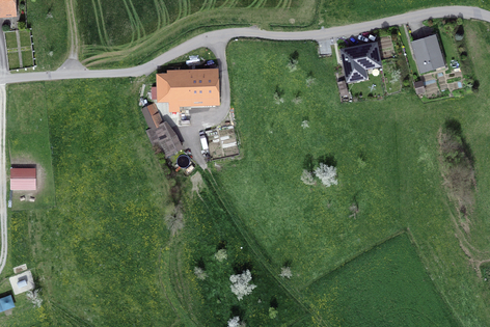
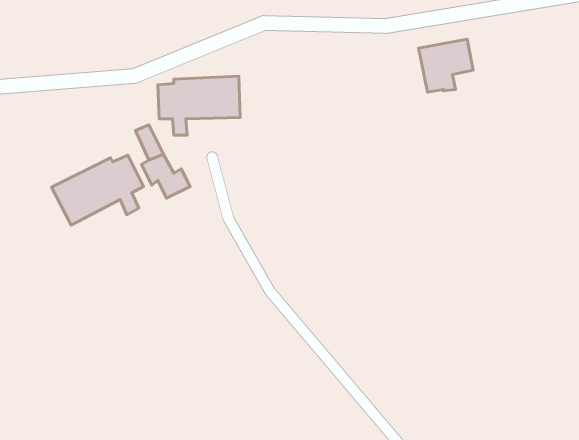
building: [412,35,440,73] -> none
building: none -> [52,155,144,225]

